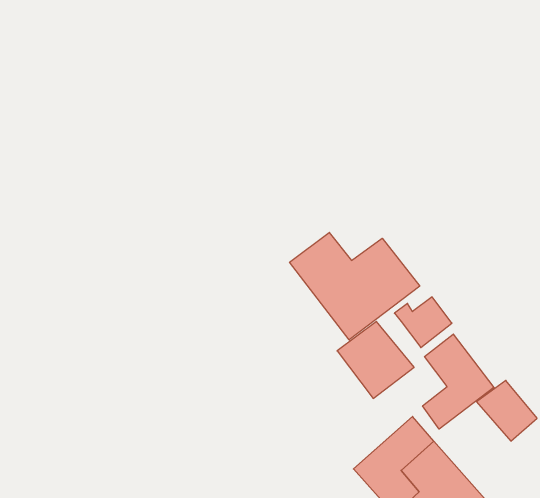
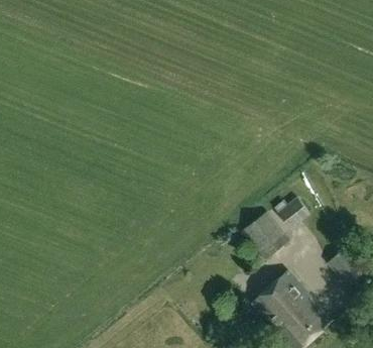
building: [290,232,420,340] -> none
building: [423,334,494,429] -> none

